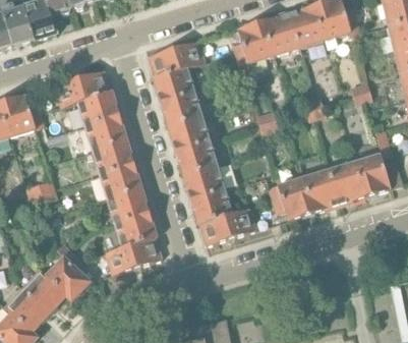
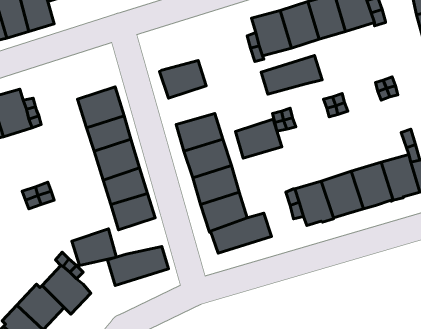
building: [149,41,205,76] -> [261,55,322,94]
building: [54,69,112,107] -> none
building: [161,91,203,126] -> [235,119,282,158]
building: [115,212,156,245] -> [72,229,116,265]

